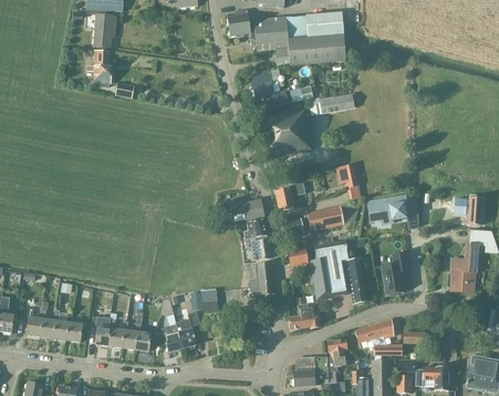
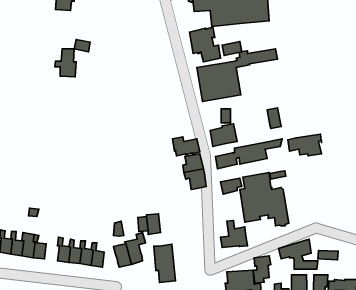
building: [86,50,112,83] -> [55,49,76,77]
building: [382,252,409,295] -> none
building: [250,262,276,308] -> [154,244,175,283]

